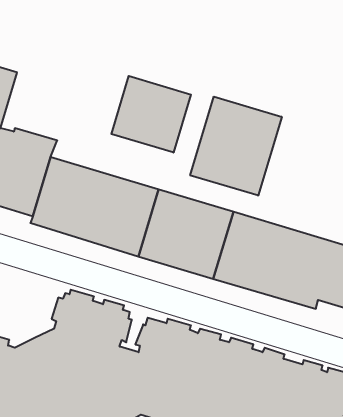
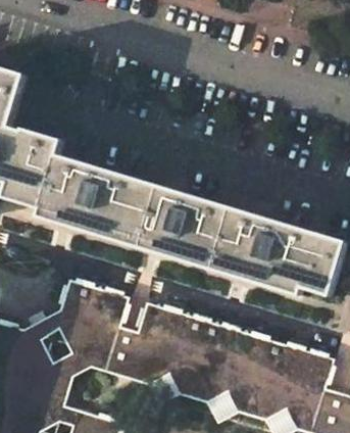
building: [111,76,191,153] -> none
building: [190,97,282,196] -> none

